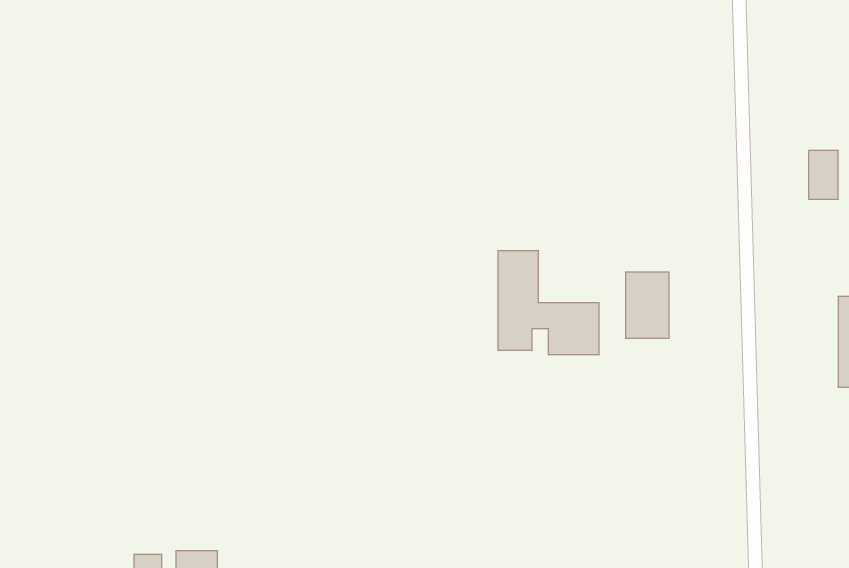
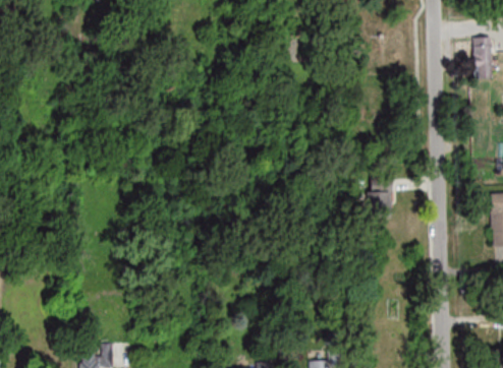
building: [809,151,838,199] -> [474,49,492,77]
building: [498,250,599,355] -> none

